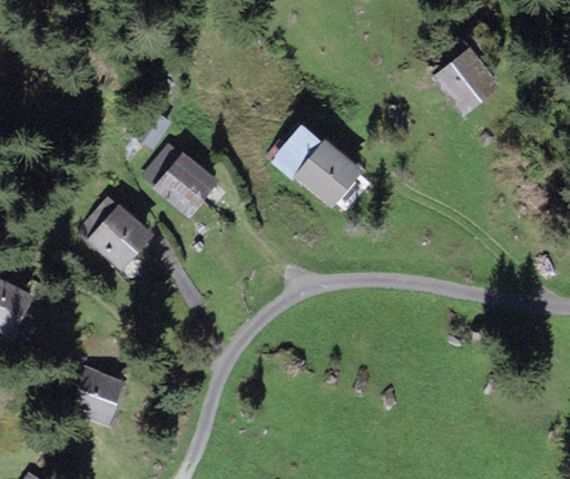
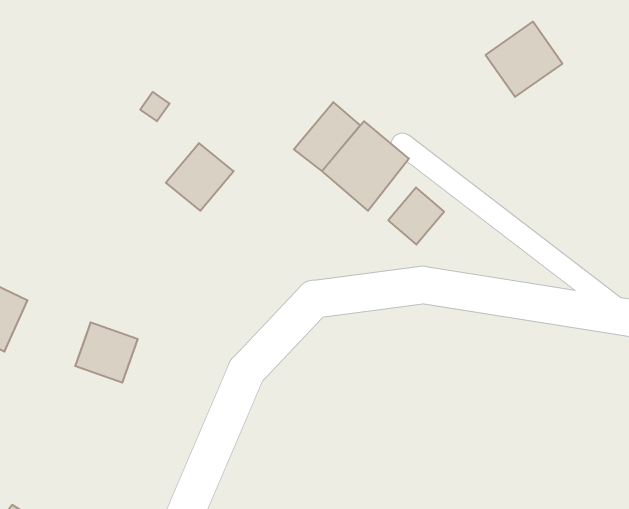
building: none -> [388,187,444,245]
building: [85,205,149,271] -> none
building: [70,368,125,420] -> [75,322,138,383]

